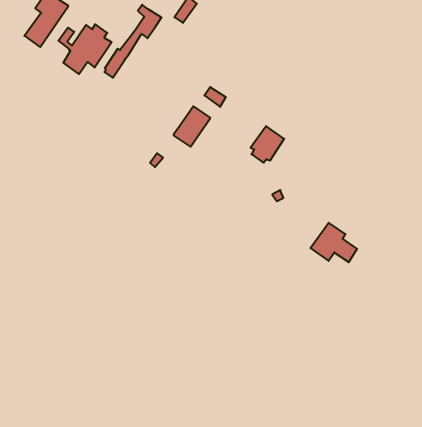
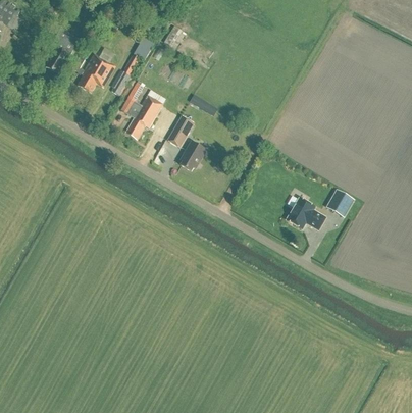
building: none -> [120,84,162,139]
building: [251,126,284,163] -> [179,141,206,170]
building: none -> [326,189,355,217]

